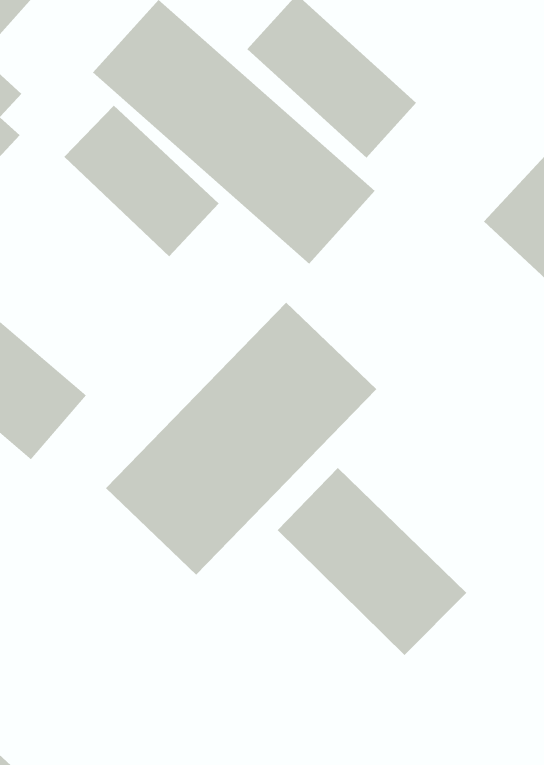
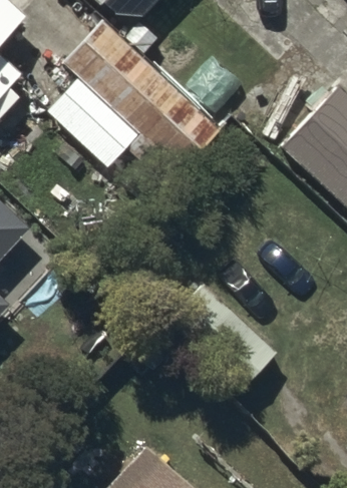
building: [105,302,377,575] -> none

